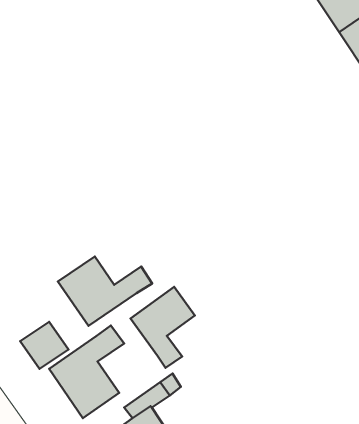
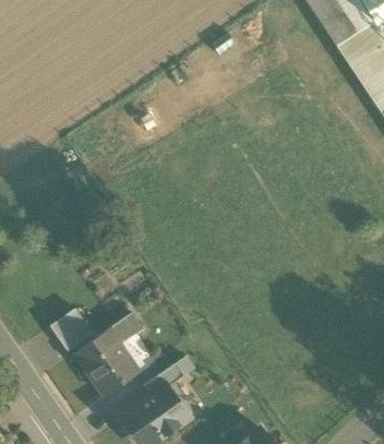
building: [58,256,152,326] -> none
building: [130,287,195,368] -> none

